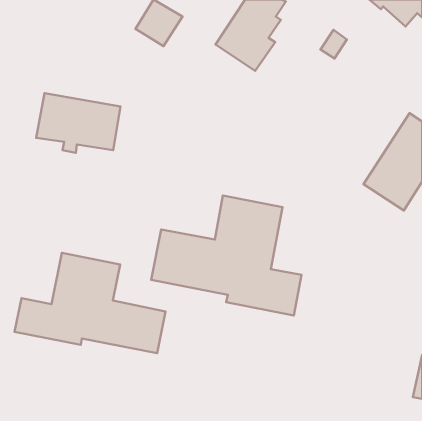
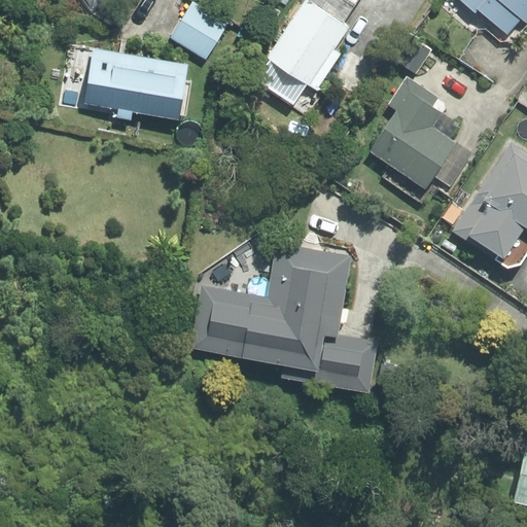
building: none -> [368,87,456,186]
building: [36,93,120,153] -> [83,48,188,122]
building: [14,253,165,353] -> none

